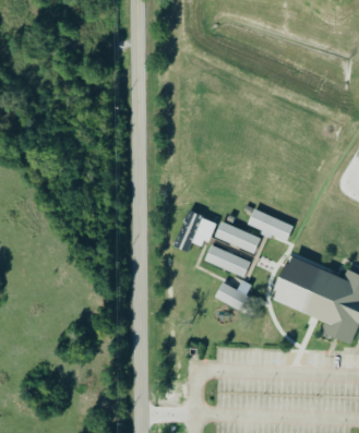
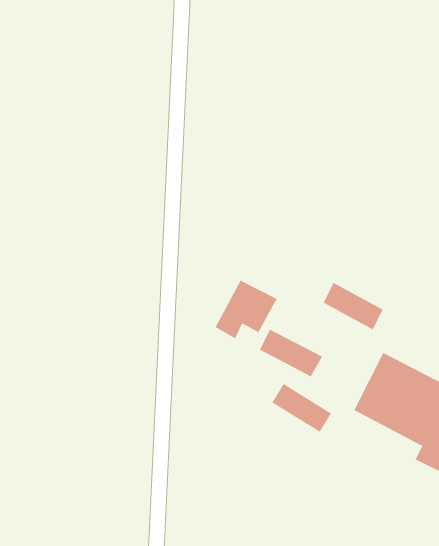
building: [215,221,260,253] -> none

